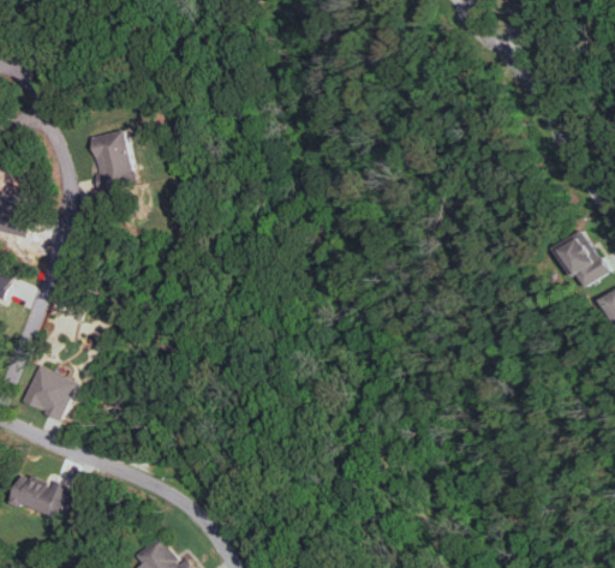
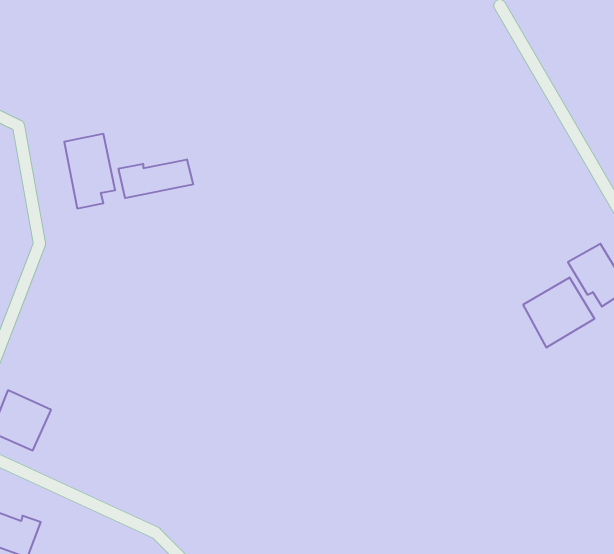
building: none -> [119,159,193,198]
building: none -> [523,277,594,348]

